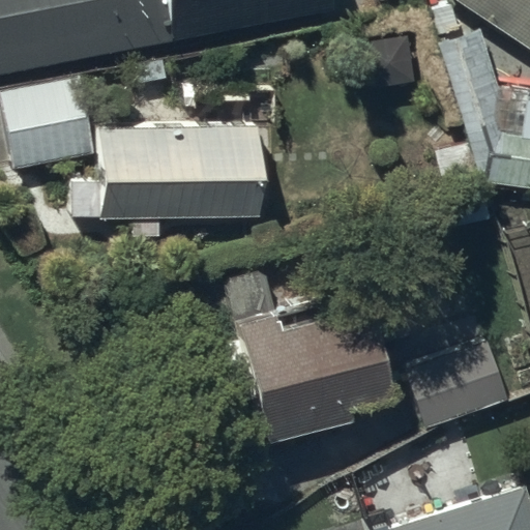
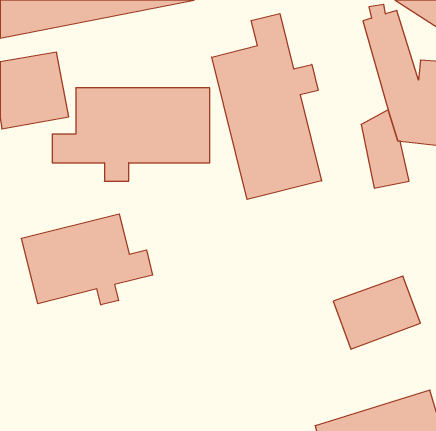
building: none -> [212,14,322,199]
building: [226,268,417,435] -> none
building: none -> [22,214,153,305]

